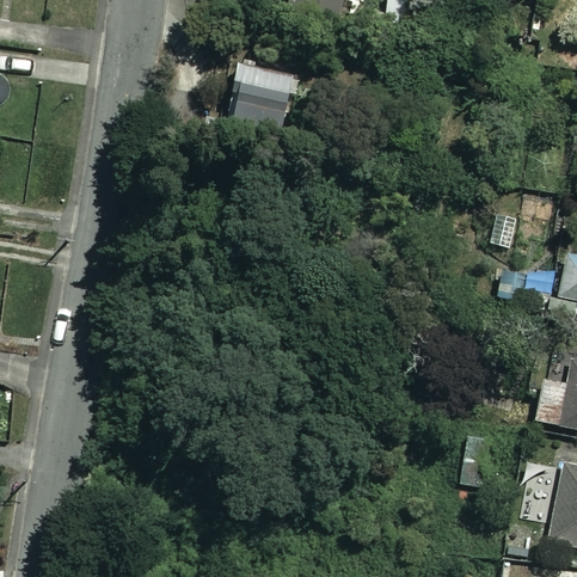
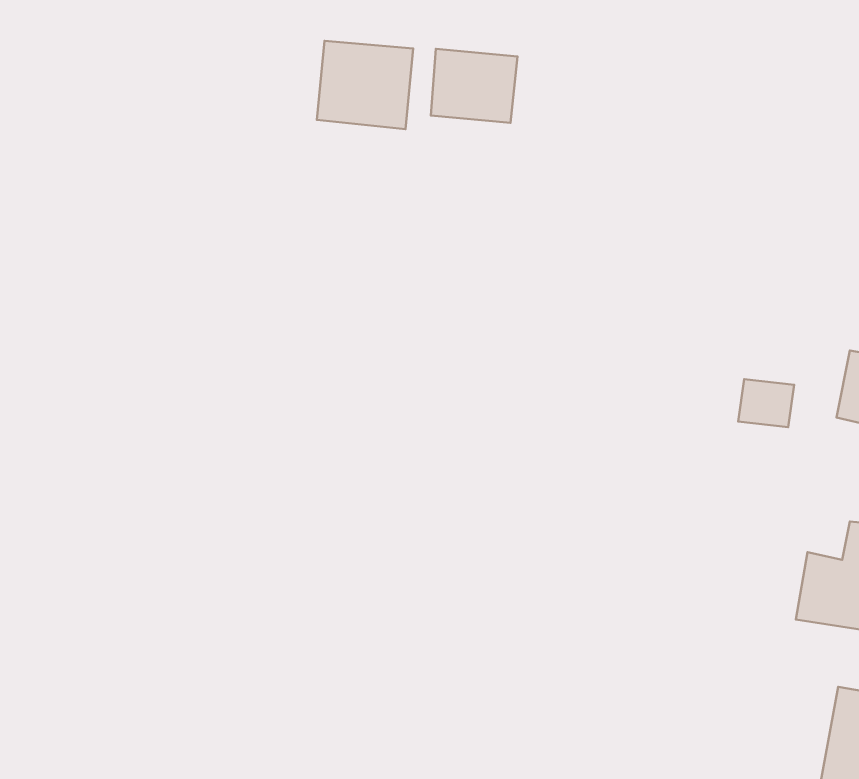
building: none -> [431,49,518,123]

